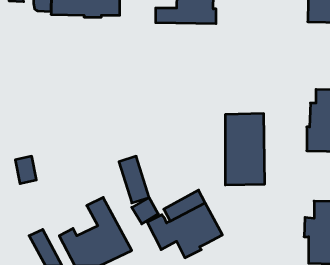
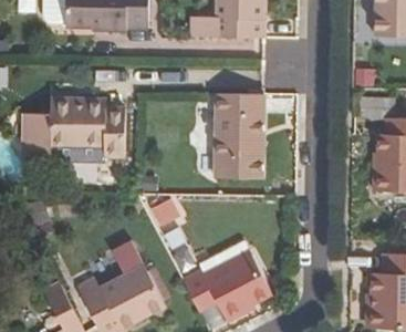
building: none -> [25,97,126,155]
building: [225,114,265,185] -> [218,92,266,178]

